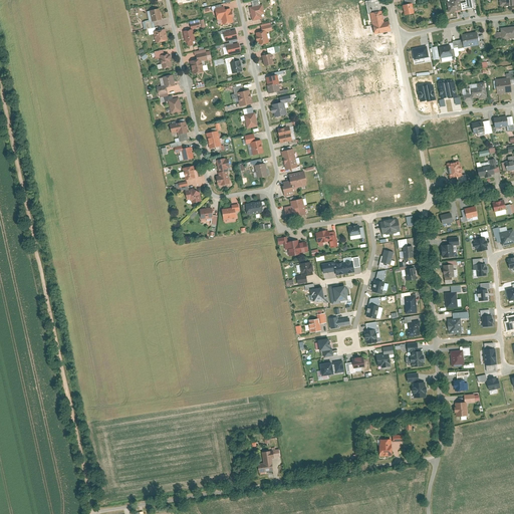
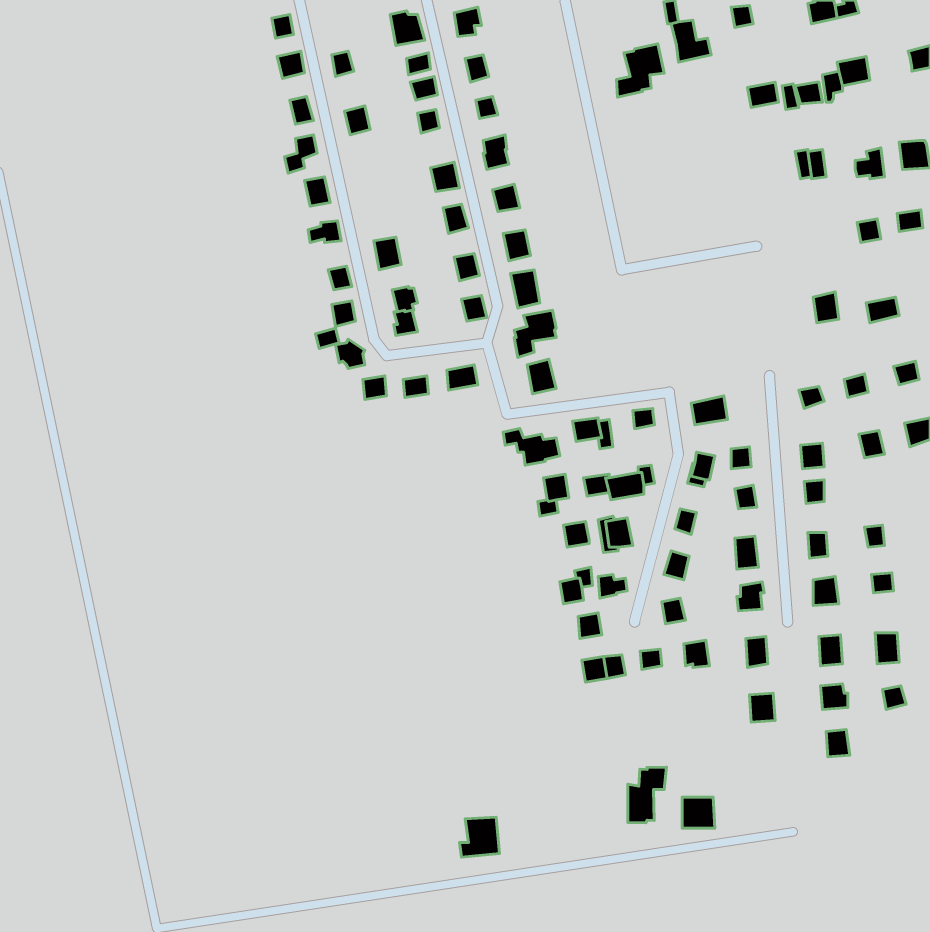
building: none -> [617,44,664,97]
building: none -> [628,767,667,823]

